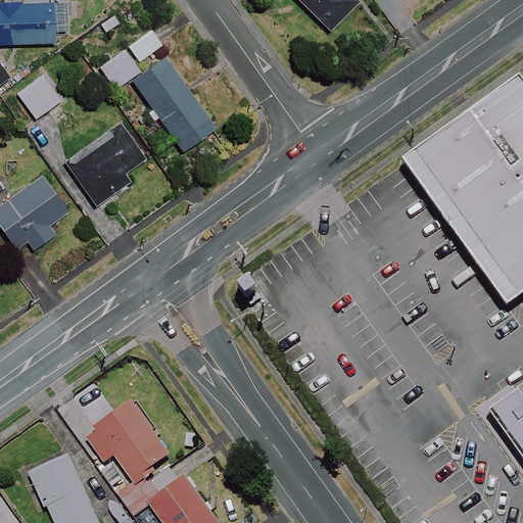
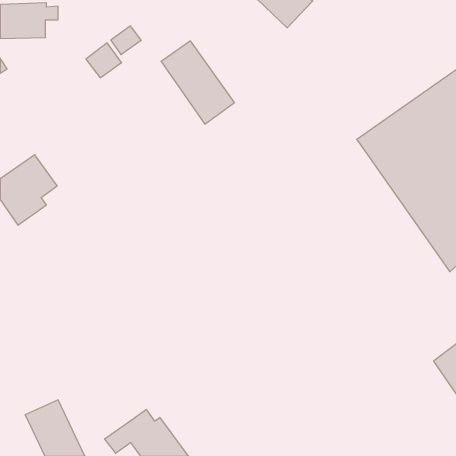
building: [132,57,216,152] -> [161,41,234,124]
building: [16,75,61,120] -> none
building: [64,124,145,205] -> none
building: [88,398,170,485] -> none

